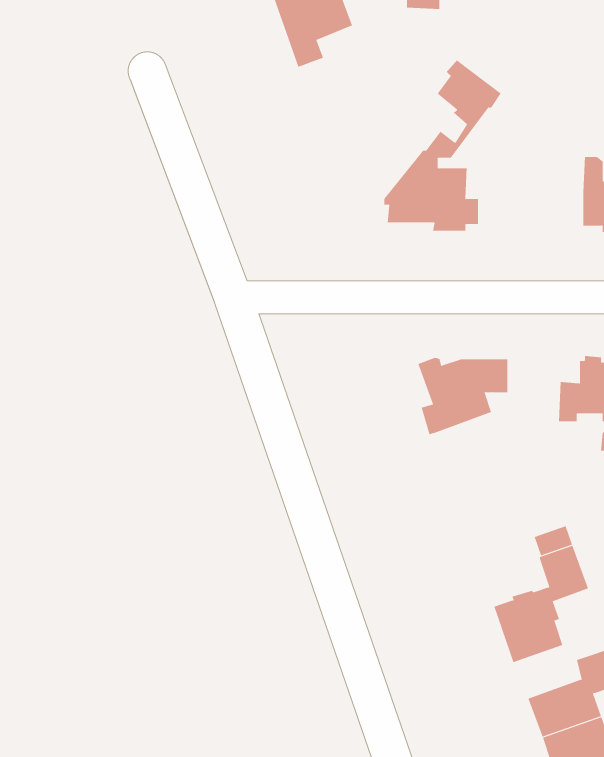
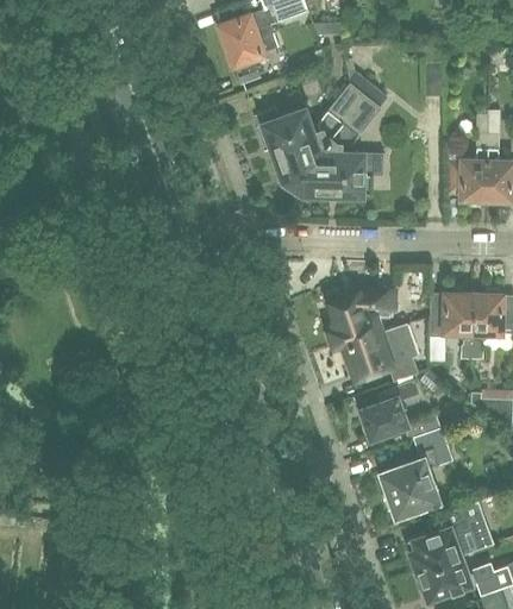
building: none -> [254,98,362,199]
building: none -> [339,324,420,382]
building: none -> [362,382,419,439]

